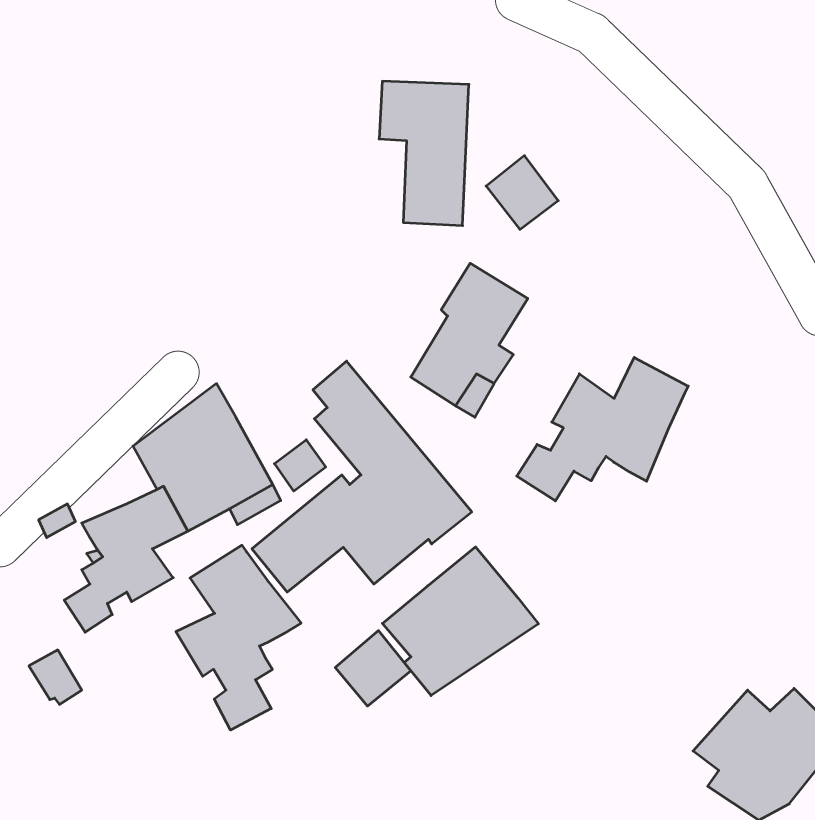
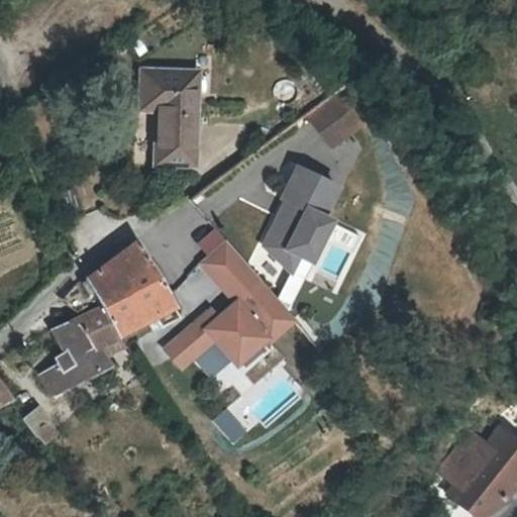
building: [379,81,469,226] -> [142,77,199,168]
building: [517,357,688,501] -> none
building: [176,545,301,730] -> none
building: [382,547,538,696] -> none

